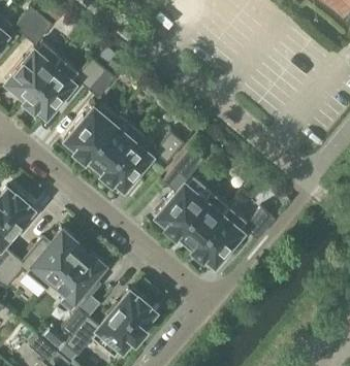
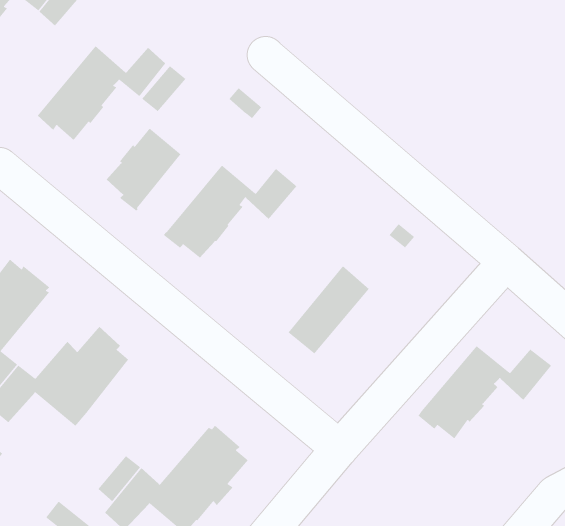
building: [7,43,61,101] -> none
building: [88,115,138,172] -> none
building: [158,149,213,236] -> none
building: [193,207,276,265] -> [417,345,552,439]
building: [56,251,104,306] -> none

